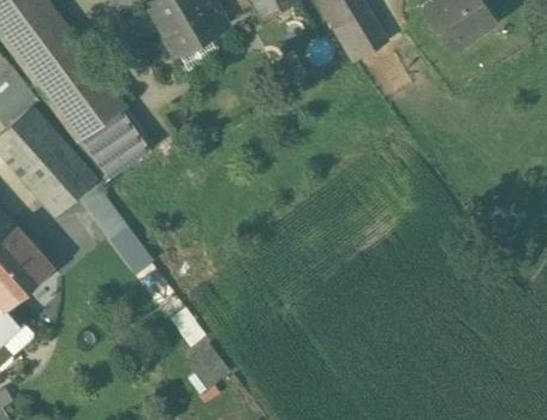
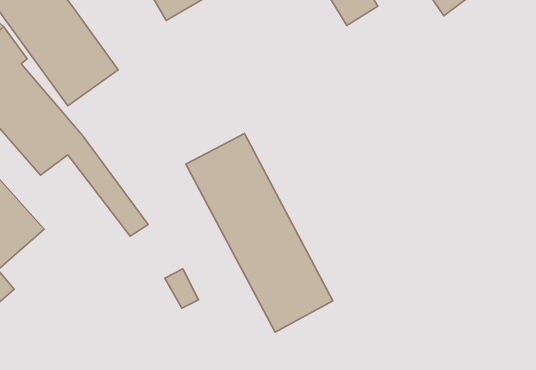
building: [76,109,156,186] -> none
building: none -> [186,134,333,332]
building: [185,347,231,392] -> none

